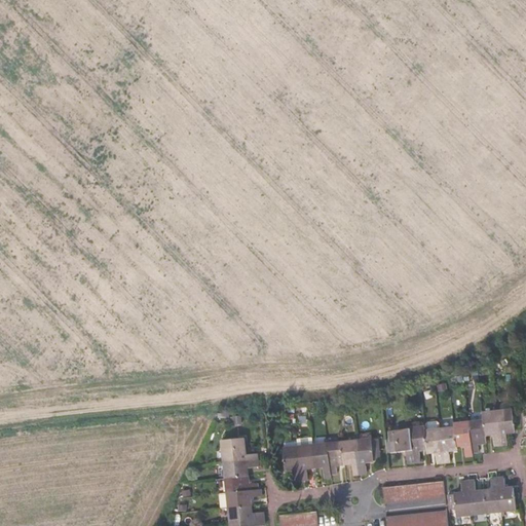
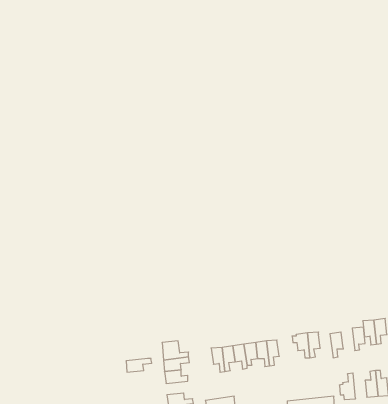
building: [452,423,469,456] -> none
building: [423,430,442,462] -> none
building: [467,481,485,514] -> none
building: [379,482,441,505] -> none
building: [228,491,261,509] -> [126,358,152,372]

